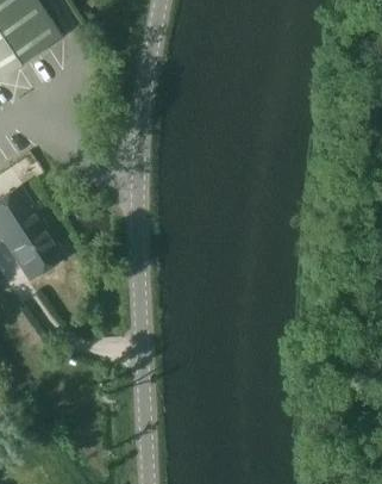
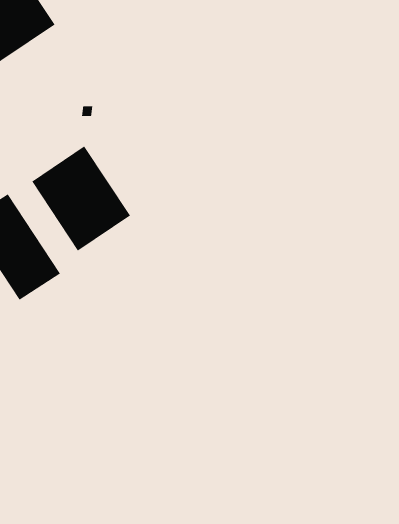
building: none -> [31,145,131,252]

